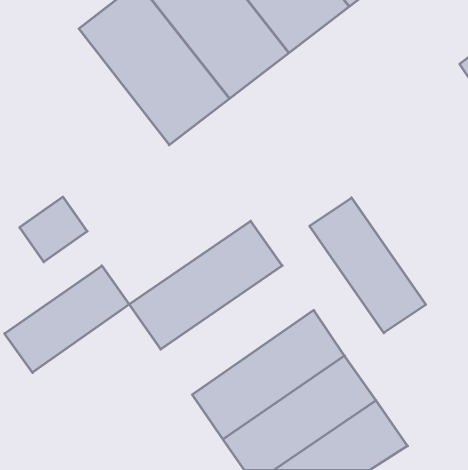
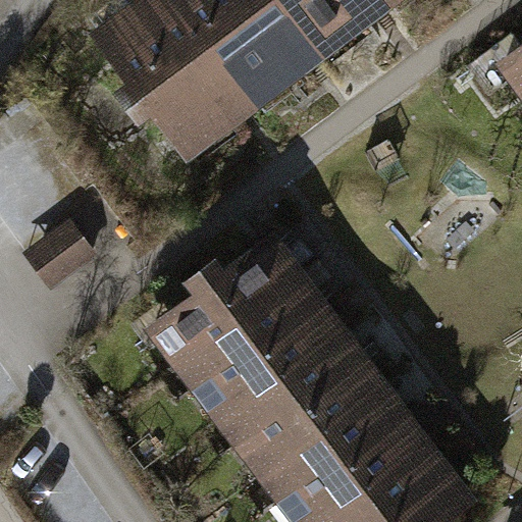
building: [310,198,426,333] -> none
building: none -> [184,292,352,433]
building: [5,266,129,373] -> none

